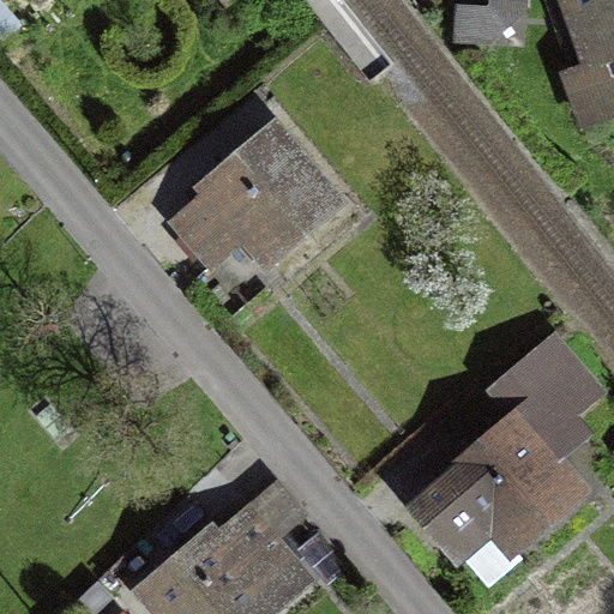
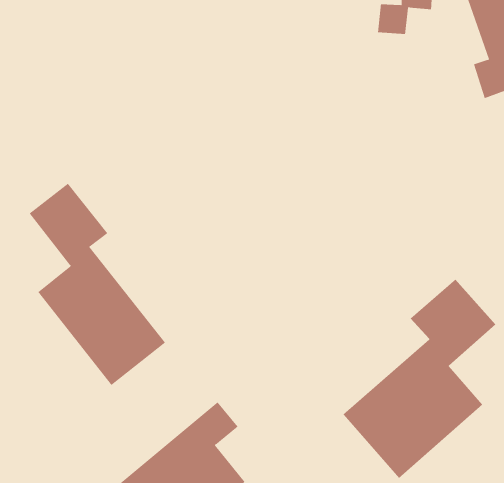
building: [174,133,332,263] -> none
building: none -> [29,183,166,386]

